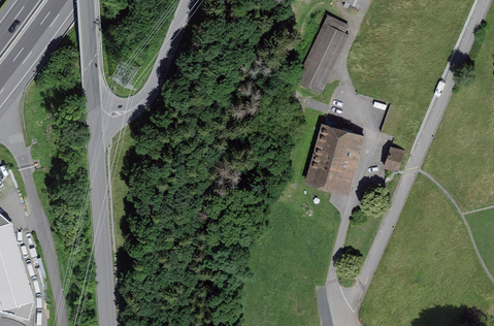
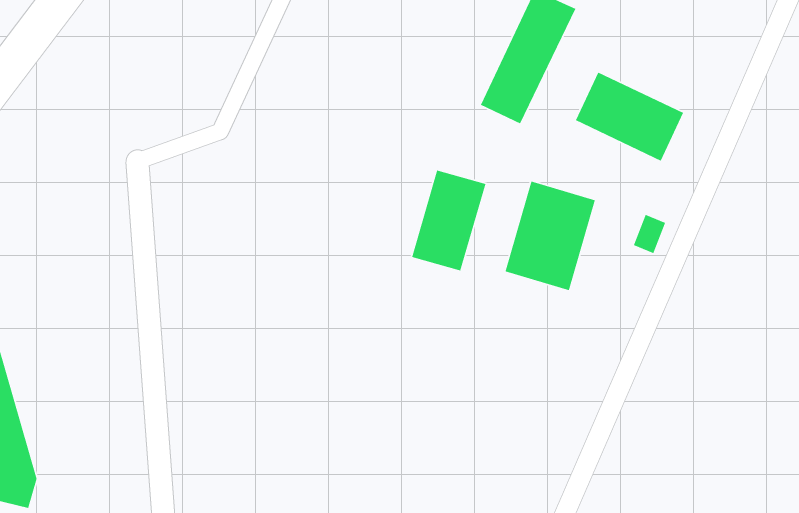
building: none -> [575,71,684,162]
building: none -> [411,170,486,271]

